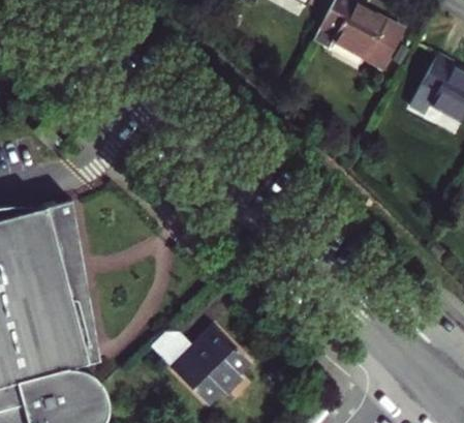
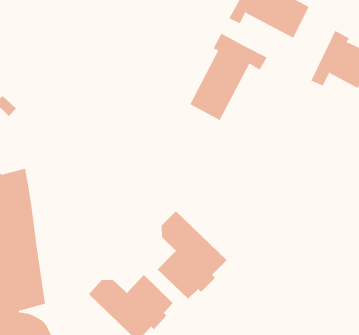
building: none -> [190,33,268,121]
building: none -> [157,210,227,300]

